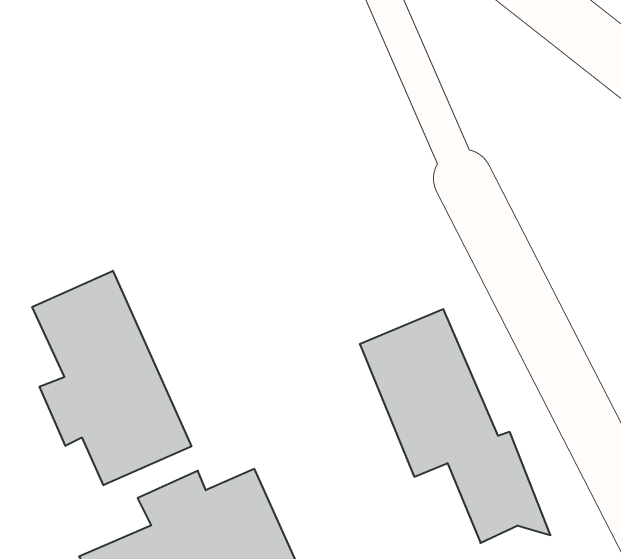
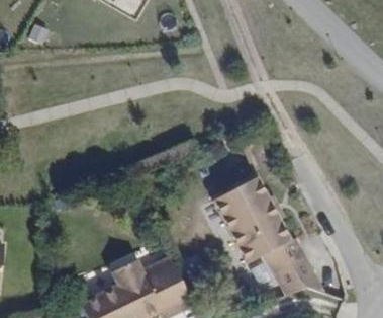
building: [32,271,191,485] -> none

